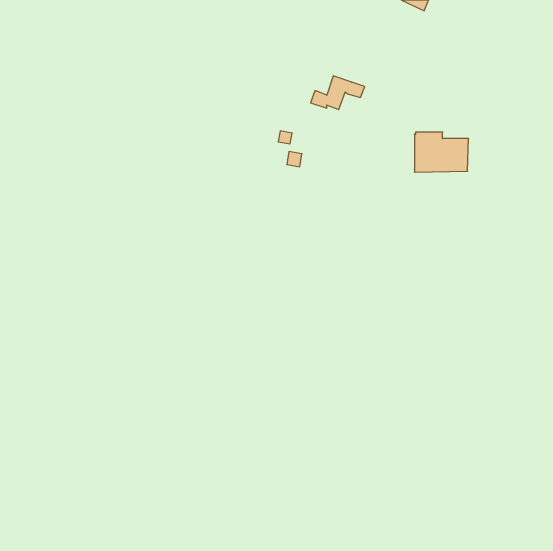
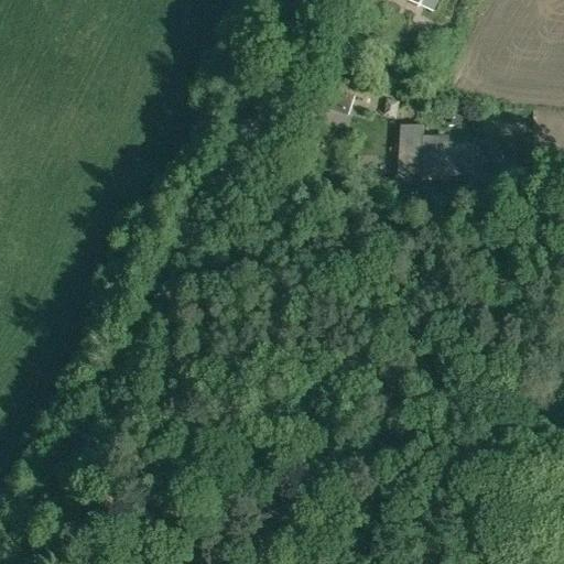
building: none -> [398,126,423,174]

